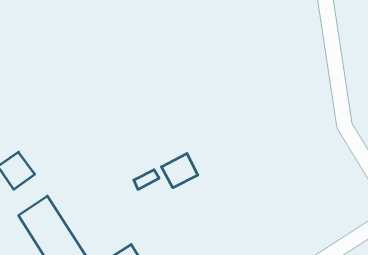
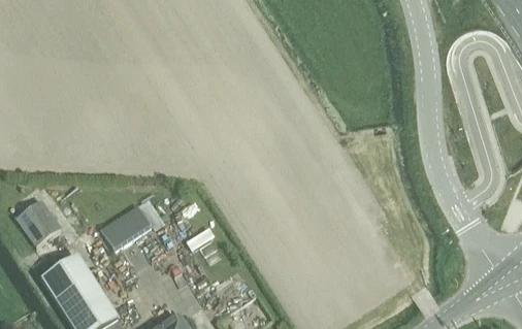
building: [161,153,198,188] -> none
building: none -> [100,203,152,250]

